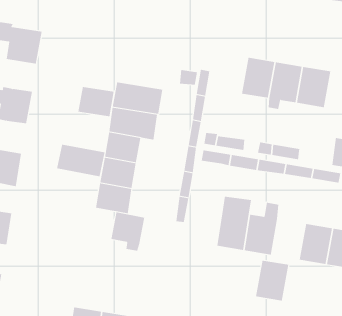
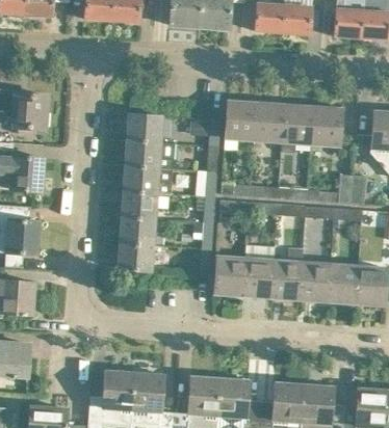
building: none -> [224,100,256,139]
building: [78,87,115,117] -> [126,113,161,141]
building: none -> [317,173,352,203]
building: [57,144,105,177] -> none
building: none -> [213,256,244,295]
building: [111,212,145,252] -> none
building: [255,260,289,301] -> [299,262,330,301]

